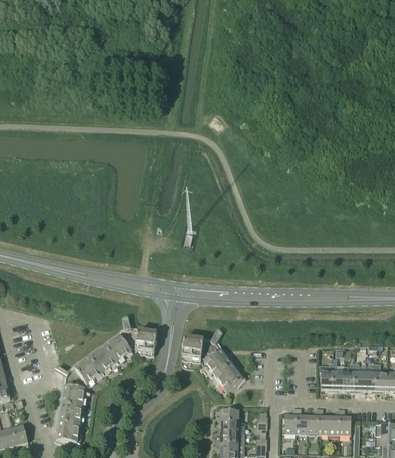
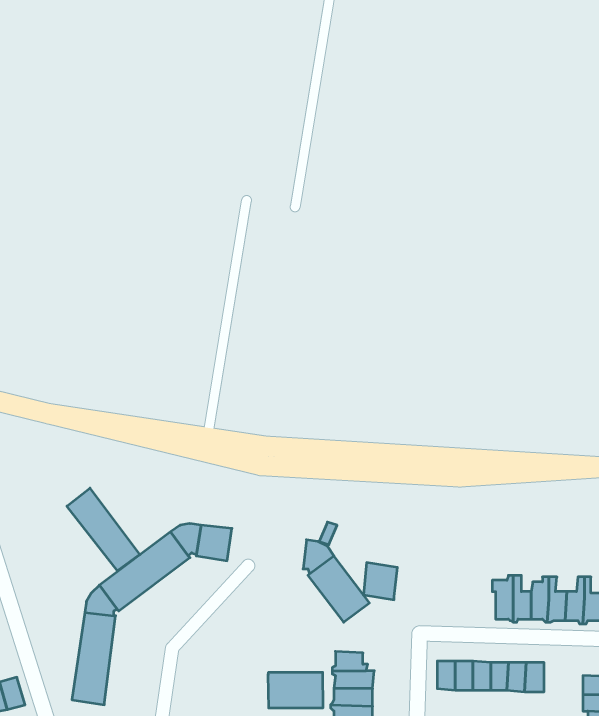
building: none -> [67,488,140,571]
building: [182,335,203,358] -> [363,563,397,600]
building: none -> [268,672,323,708]

